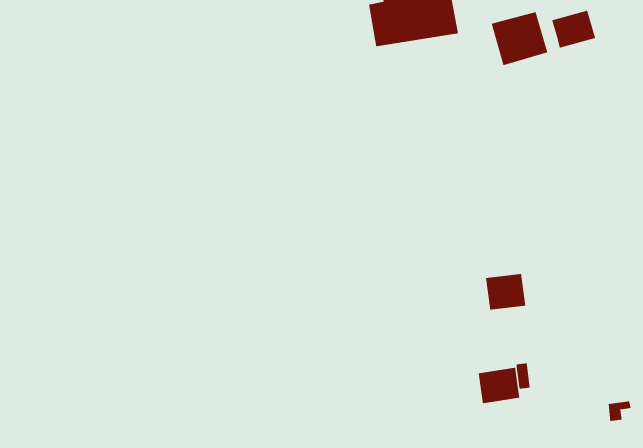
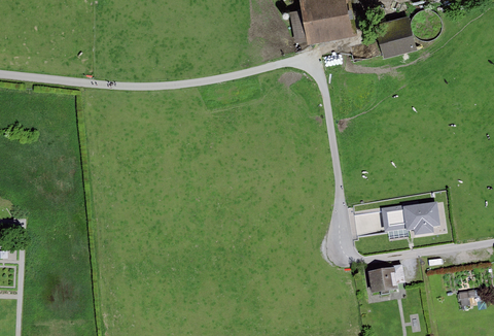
building: [551,10,596,48] -> none
building: none -> [399,198,436,232]

